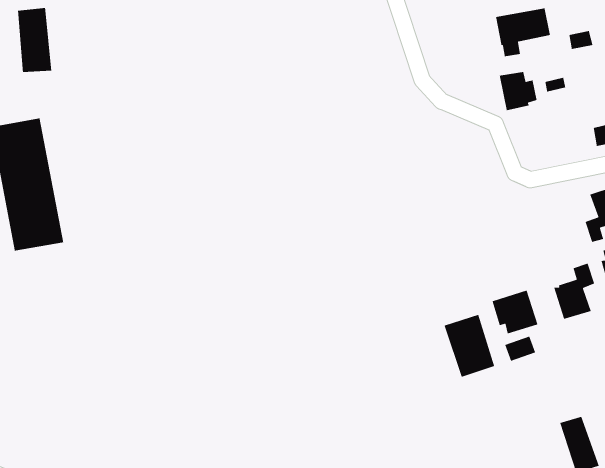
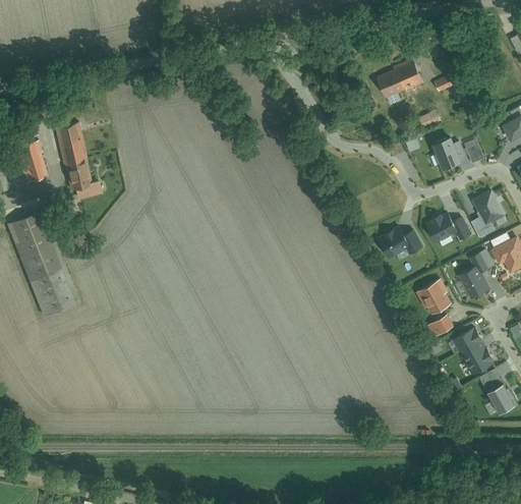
building: none -> [56,124,106,203]
building: [499,71,537,111] -> [431,135,464,168]
building: none -> [424,212,470,242]
building: none -> [377,225,422,259]
building: [443,314,495,378] -> [451,325,496,376]

